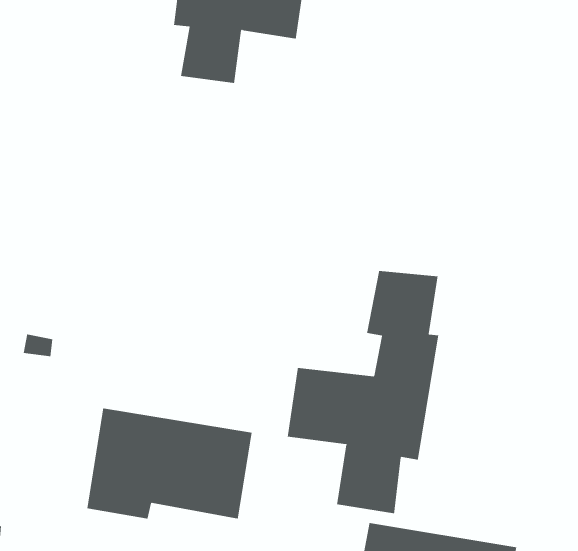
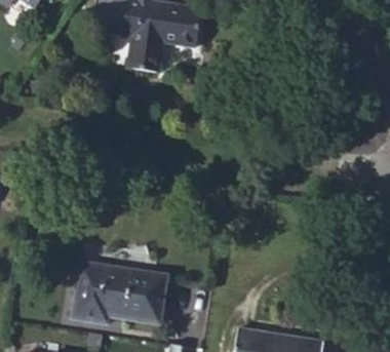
building: [287,270,439,514] -> none

